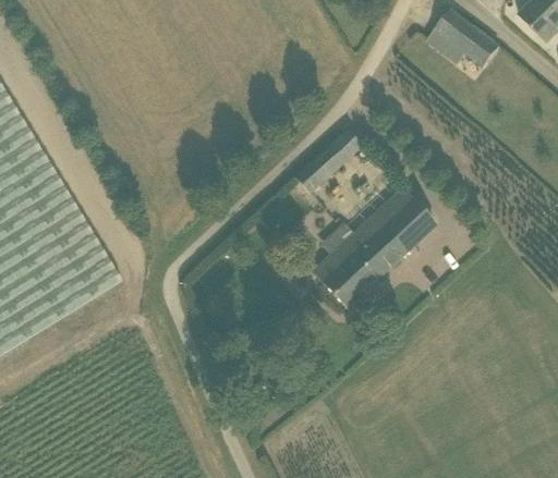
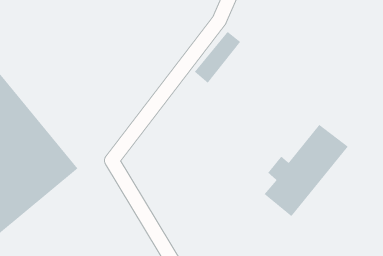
building: [313,188,435,307] -> [264,124,349,217]

